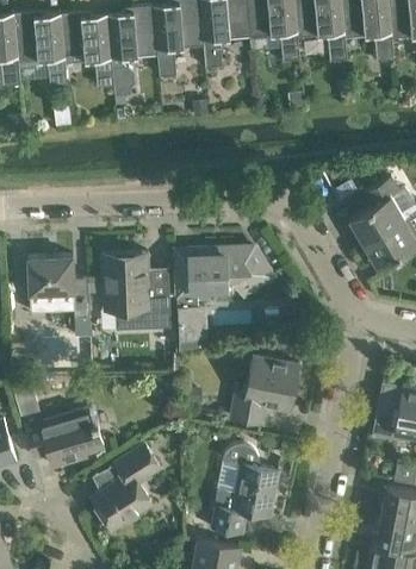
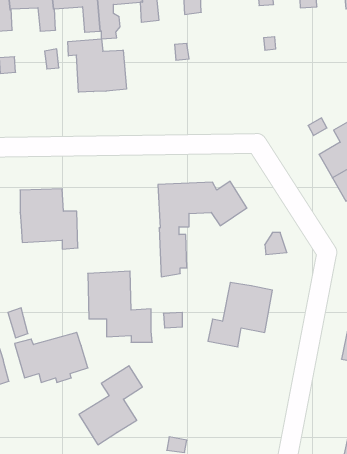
building: none -> [68,39,126,92]
building: [101,254,170,330] -> [88,271,152,342]
building: [210,446,278,536] -> none

